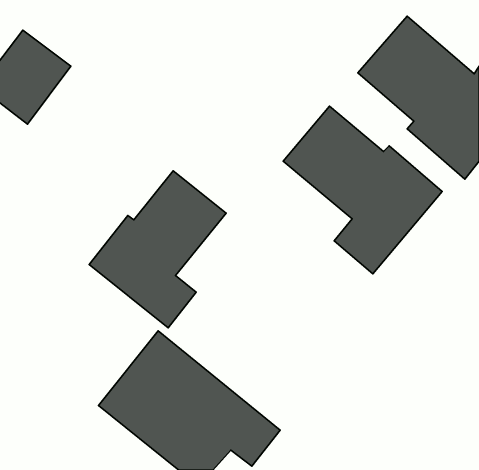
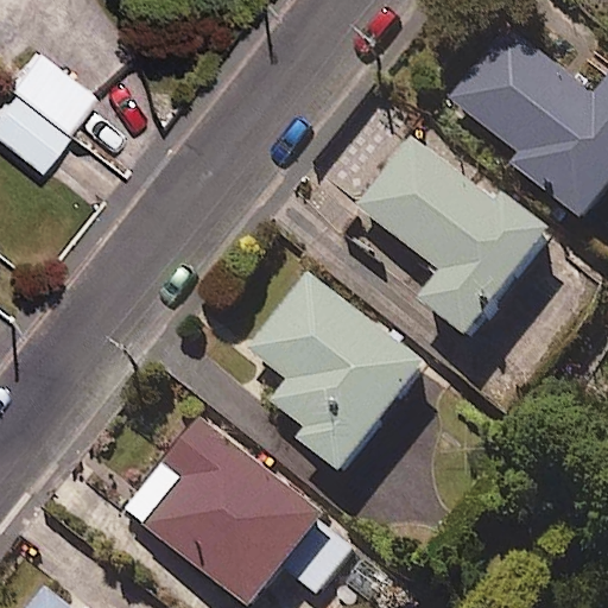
building: [89,171,226,328] -> none
building: none -> [249,273,428,476]

